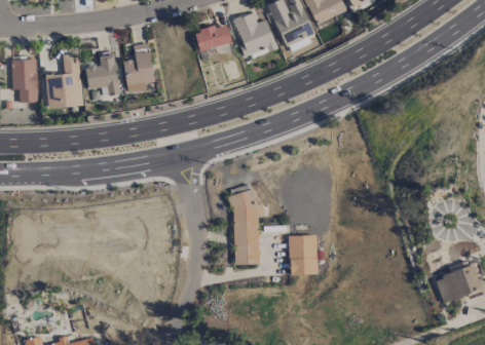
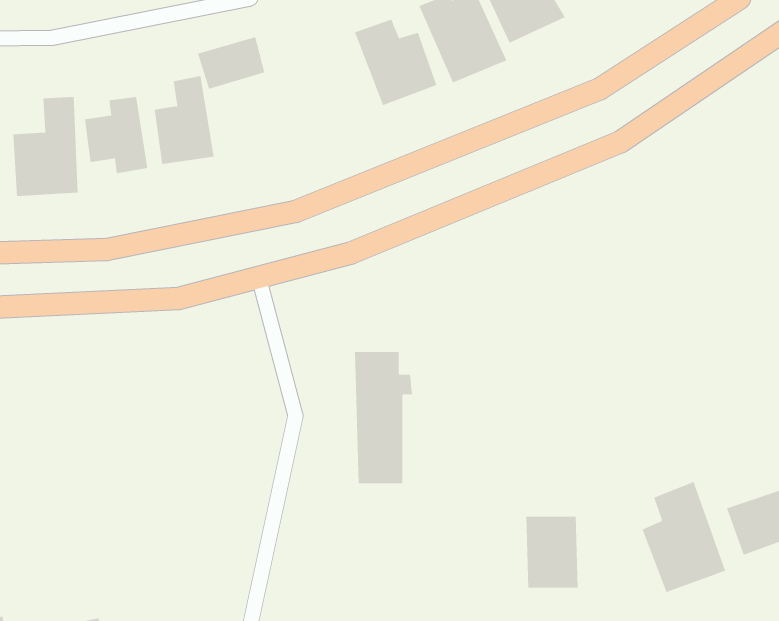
building: [194,23,231,51] -> [197,37,265,89]
building: [289,235,318,274] -> [526,516,578,588]
building: none -> [642,481,726,593]

